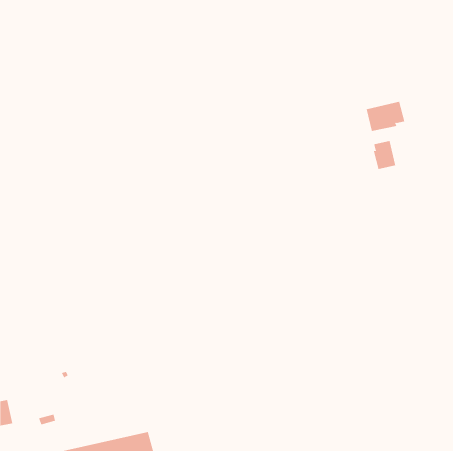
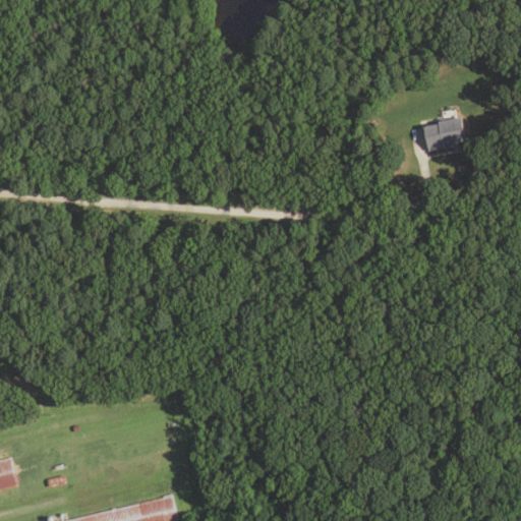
building: [373,140,396,170] -> none

